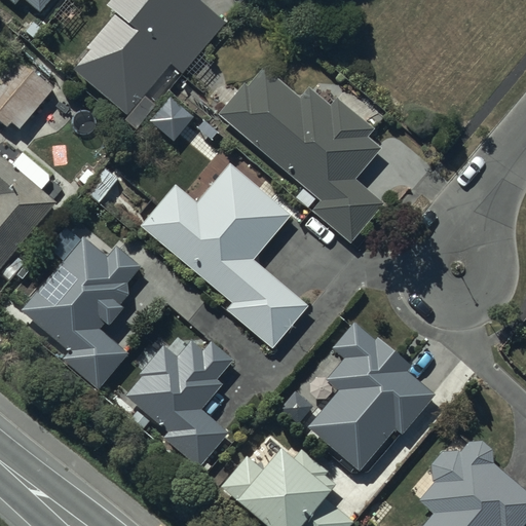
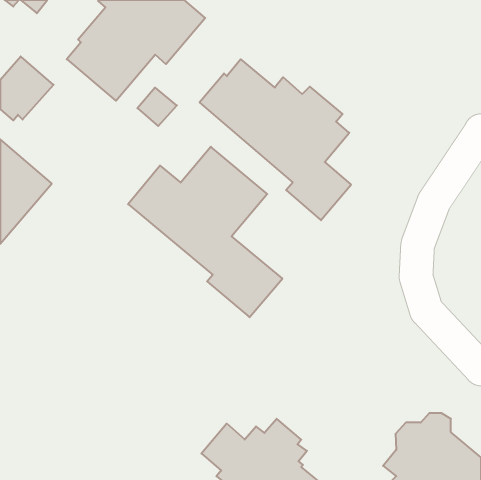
building: [23,237,140,385] -> none
building: [307,333,433,477] -> none
building: [125,339,232,465] -> none

